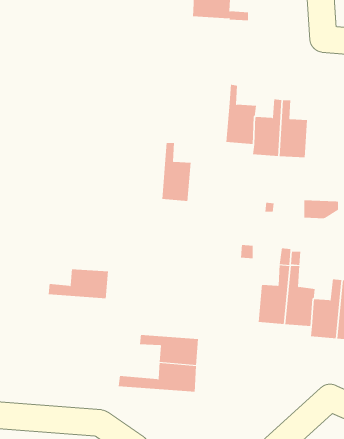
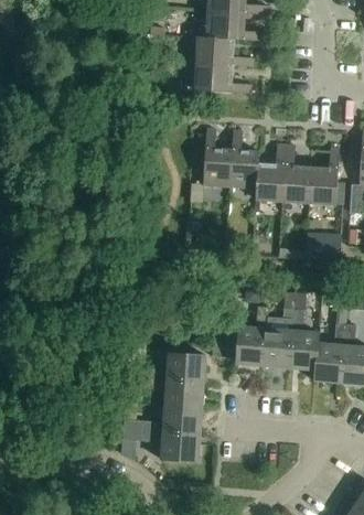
building: none -> [195,62,251,93]
building: none -> [309,147,340,204]
building: [162,143,192,201] -> [203,128,233,186]
building: none -> [235,305,268,365]
building: [48,269,109,299] -> [144,352,205,382]
building: none -> [121,429,200,461]

